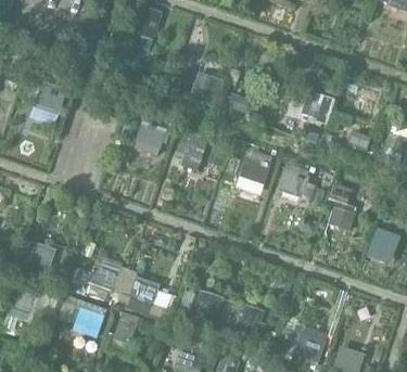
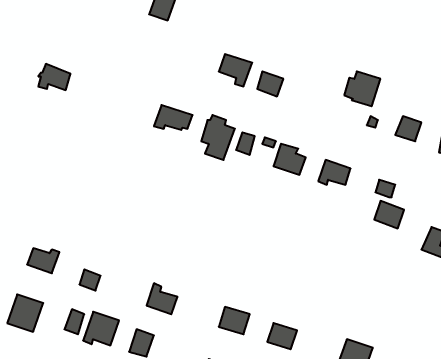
building: [88,264,117,297] -> none

